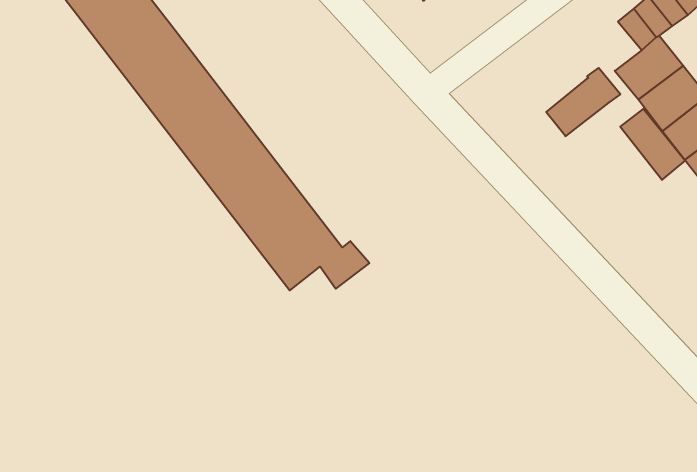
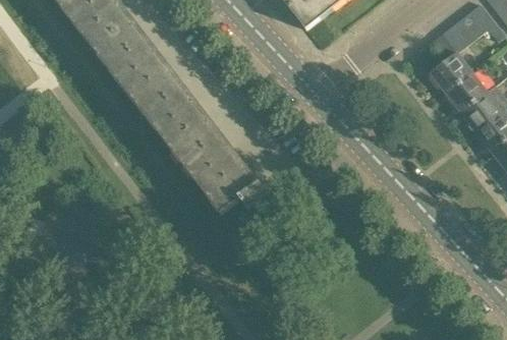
building: [546,68,620,136] -> none
building: [620,109,685,180] -> none

